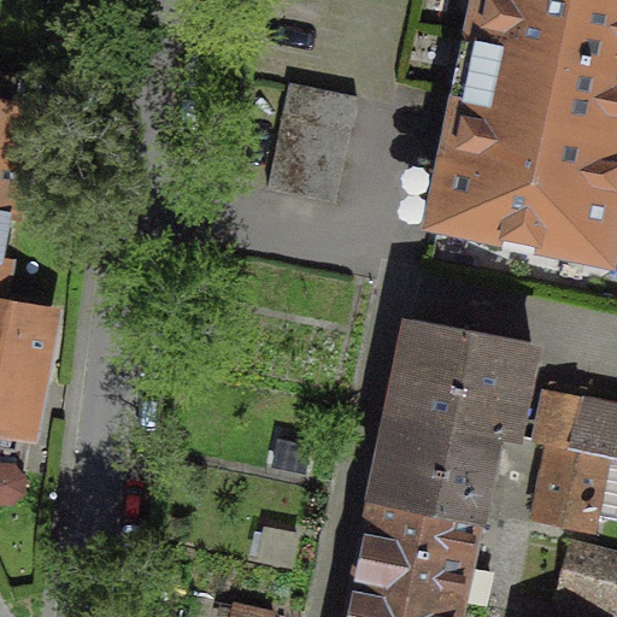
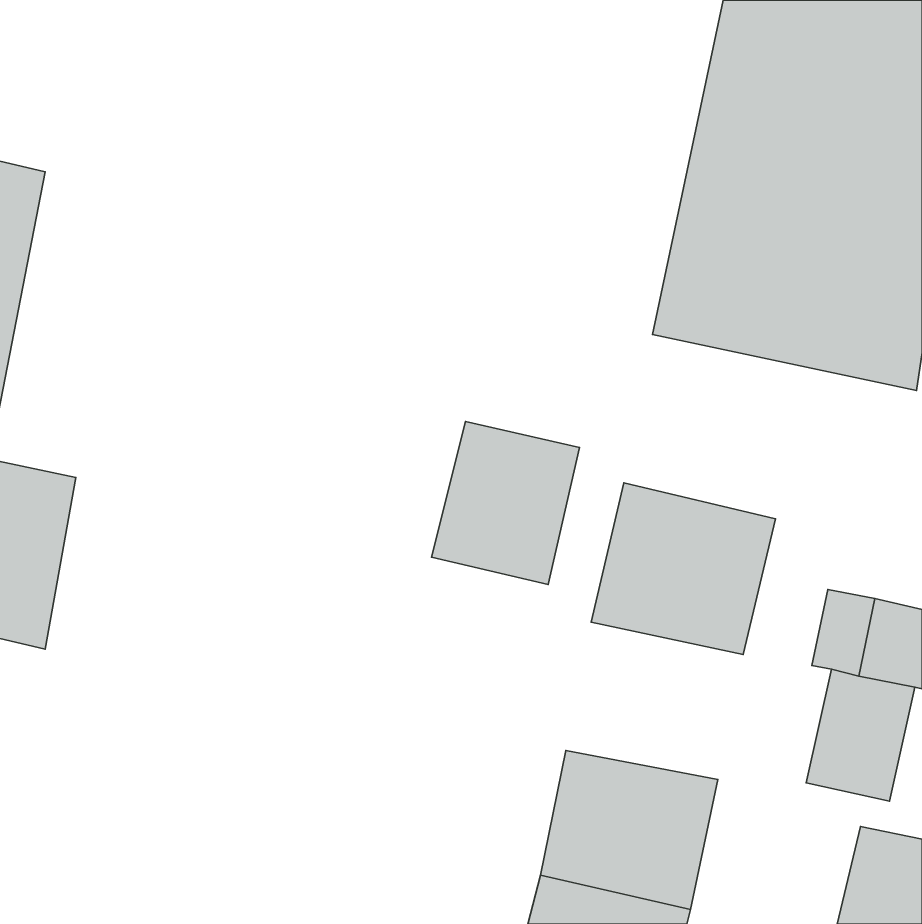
building: [272,84,359,202] -> none
building: none -> [431,422,580,584]
building: [377,415,495,519] -> none

